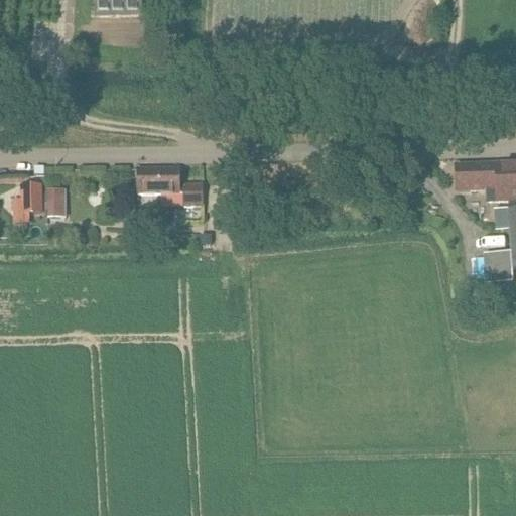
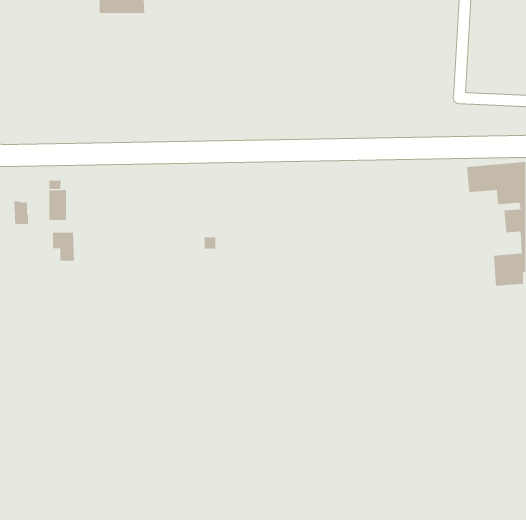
building: [138,163,203,204] -> none
building: [20,181,42,210] -> [52,232,75,261]

